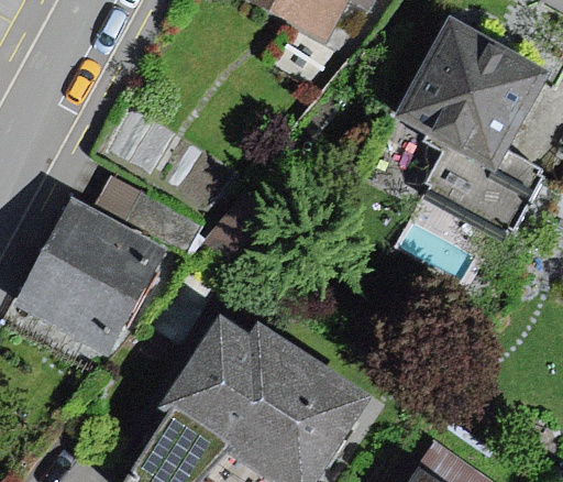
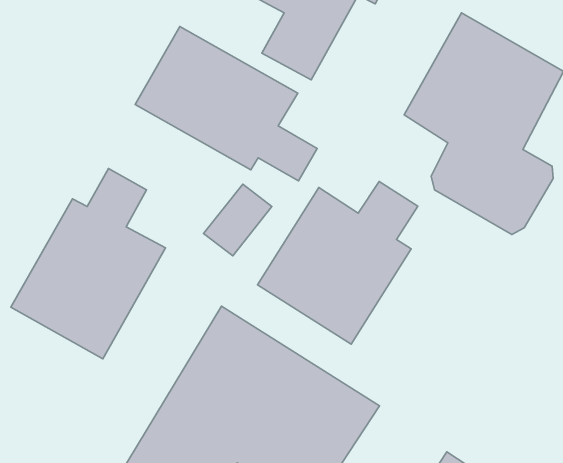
building: none -> [135,26,317,181]
building: none -> [257,182,418,344]

